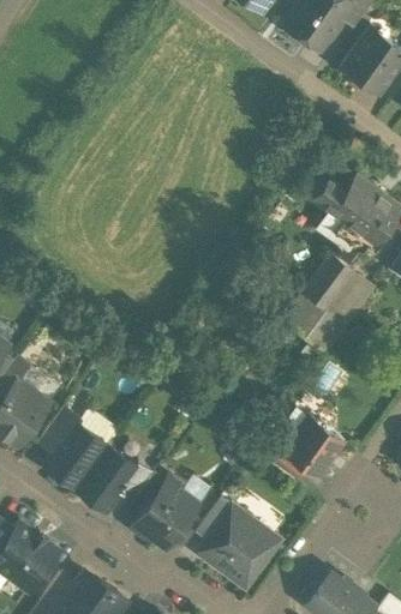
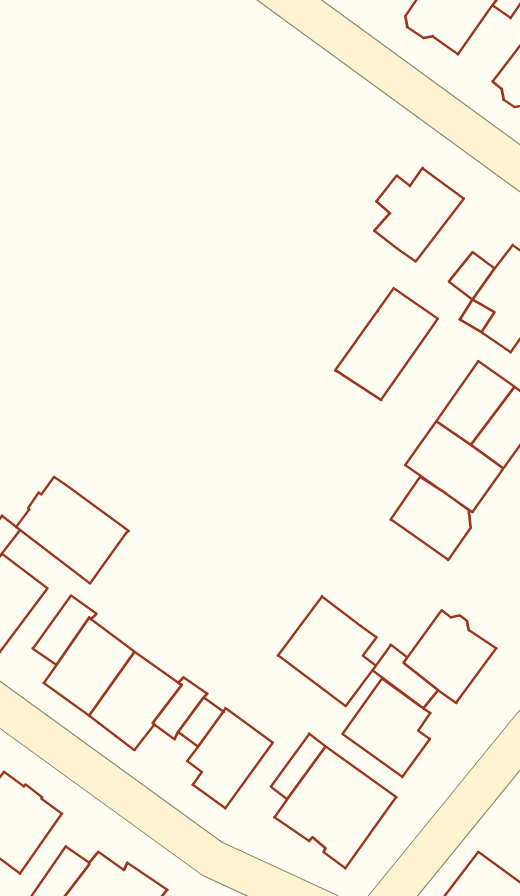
building: none -> [374,168,464,261]
building: none -> [335,288,438,400]
building: none -> [391,477,471,560]
building: none -> [16,477,129,583]
building: none -> [278,596,376,706]
building: none -> [343,678,430,777]

